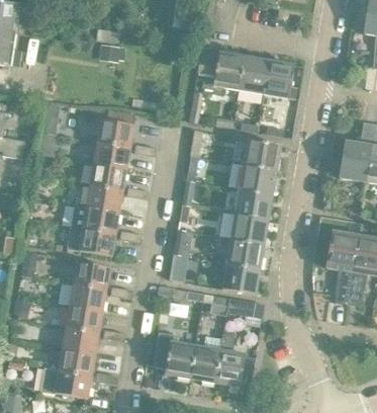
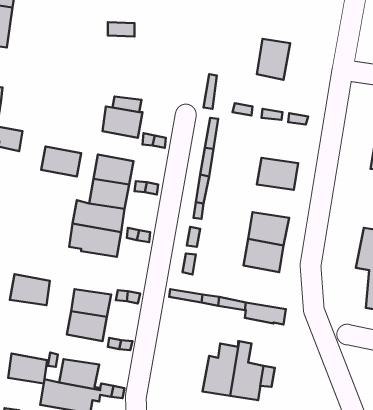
building: [197,51,243,91] -> none
building: [262,62,293,99] -> none
building: [242,141,279,171] -> none
building: [93,142,129,169] -> [41,147,81,177]
building: [233,190,271,221] -> none
building: [72,262,108,291] -> [10,274,50,305]
building: [221,264,258,295] -> none
building: [62,327,97,354] -> [8,353,47,383]
building: [152,332,194,379] -> none

